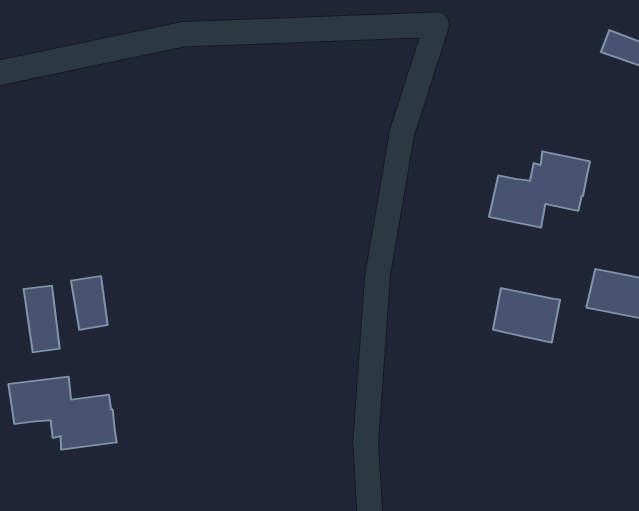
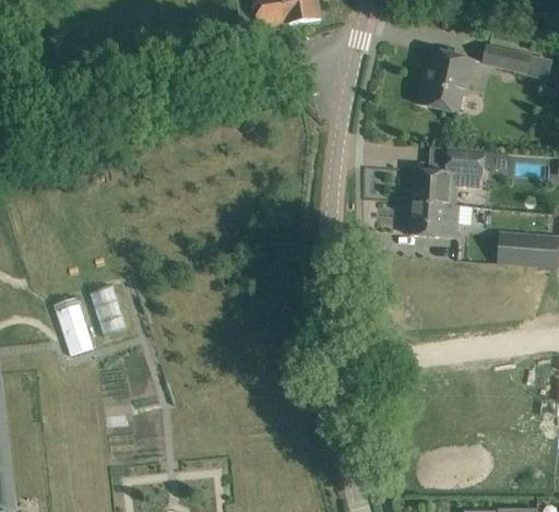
building: none -> [417,50,474,112]
building: [493,288,560,342] -> [408,201,457,238]
building: [9,377,116,450] -> none

